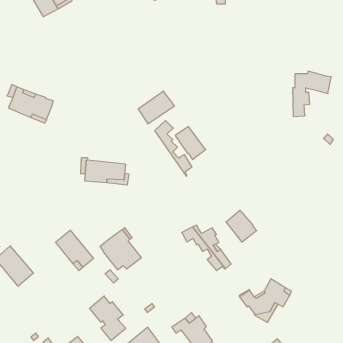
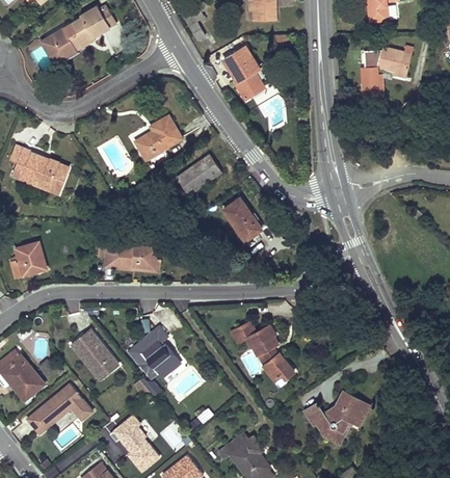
building: none -> [222,46,263,99]
building: none -> [135,116,181,159]
building: [293,71,331,117] -> [362,46,411,103]
building: [155,121,192,176] -> none
building: none -> [10,242,46,277]
building: [226,210,257,242] -> none
building: none -> [26,383,91,434]

